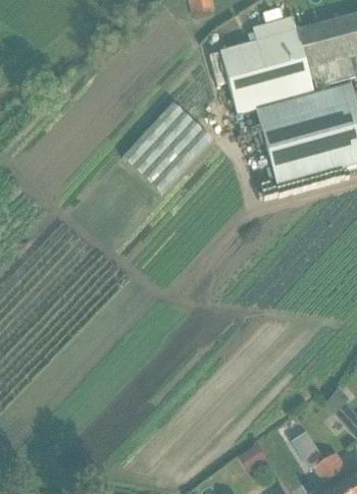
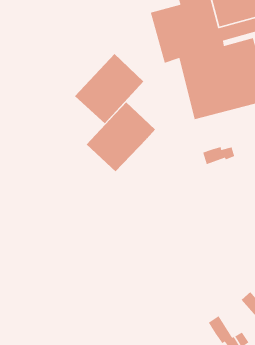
building: none -> [86,101,156,172]
building: none -> [202,146,235,165]

